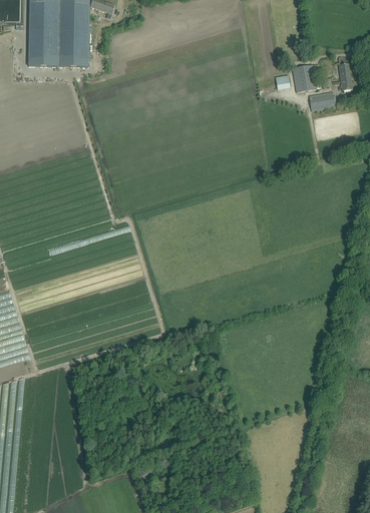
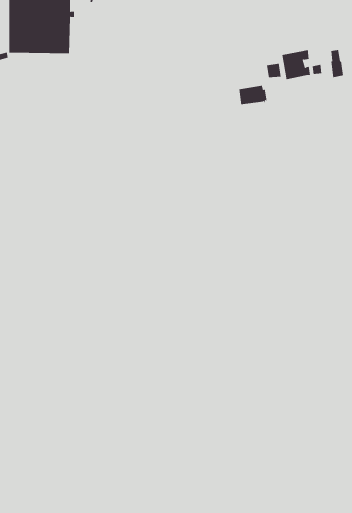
building: [308,90,336,109] -> [239,85,268,105]

